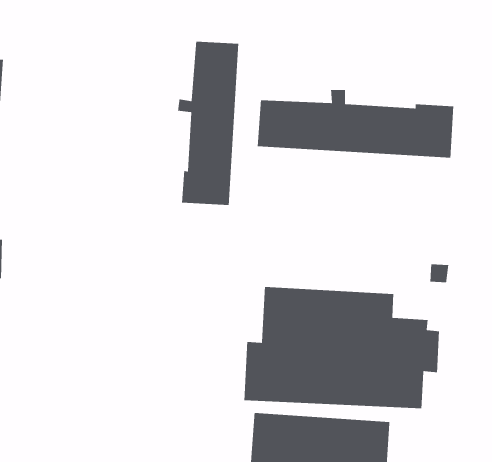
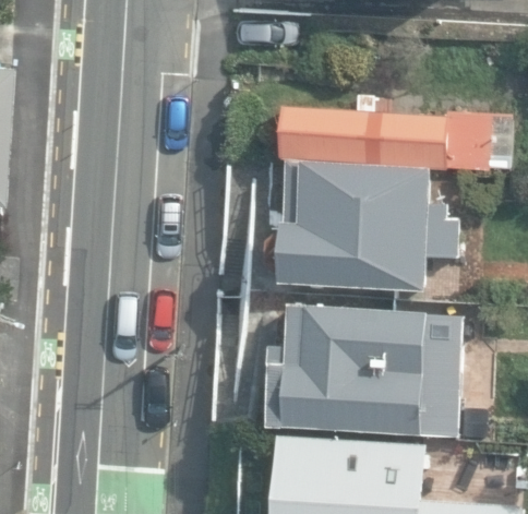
building: [177,41,239,206] -> none
building: none -> [264,162,456,291]

